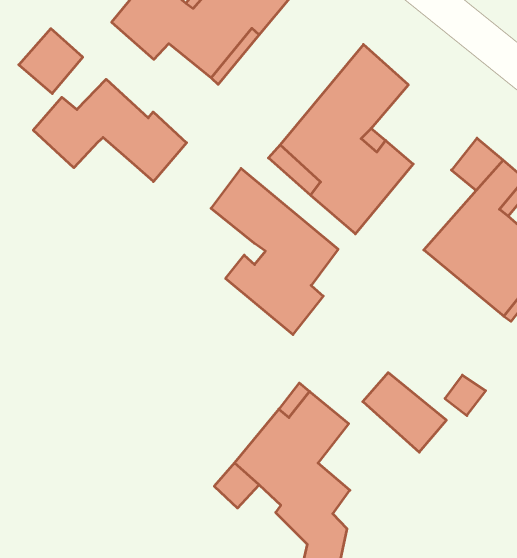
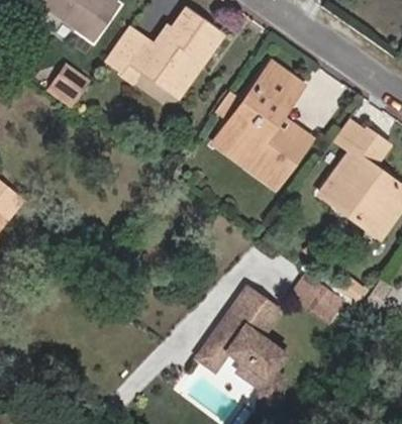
building: [33,79,187,182] -> none
building: [211,168,338,335] -> none

